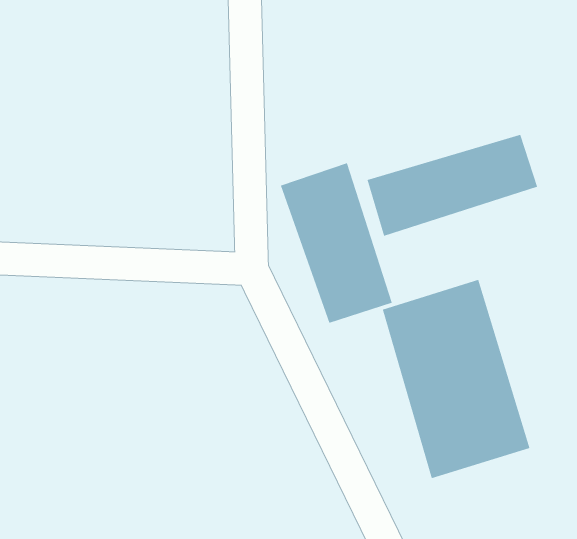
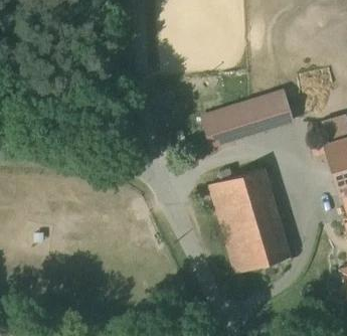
building: [280,162,393,324] -> none

